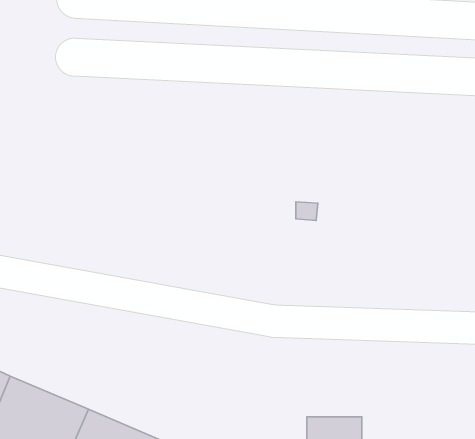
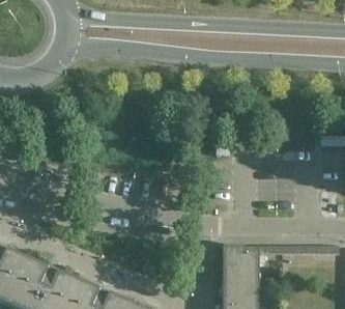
building: none -> [223,246,259,285]

